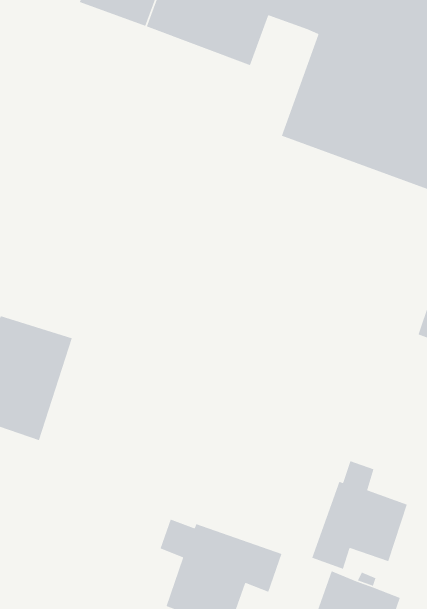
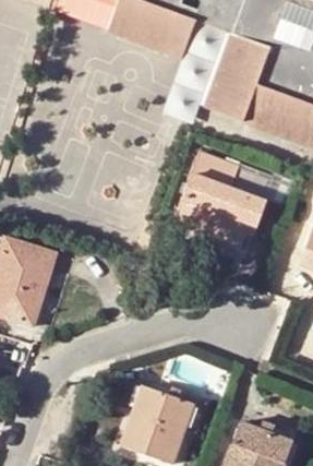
building: none -> [171,152,265,246]
building: [311,460,408,570] -> none

